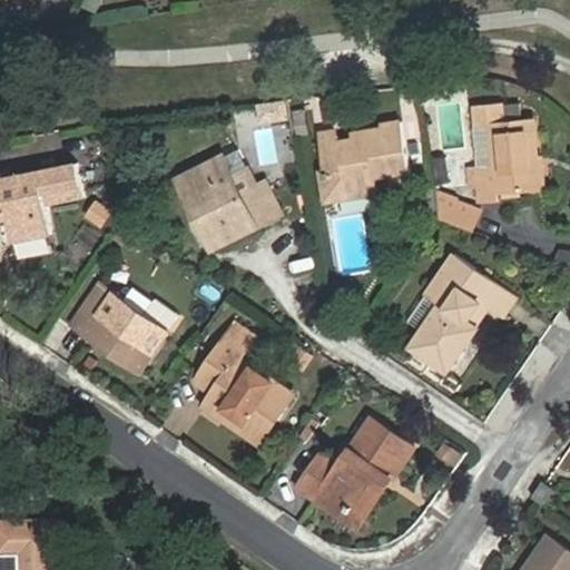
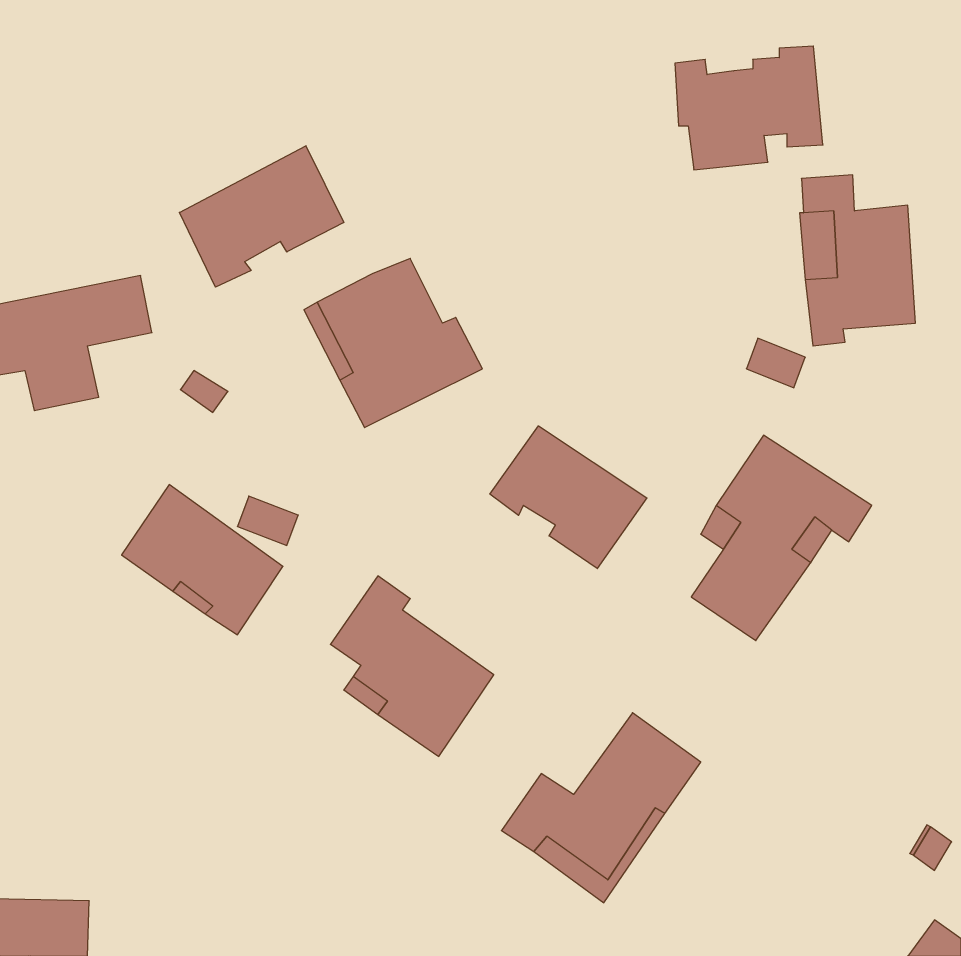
building: none -> [179,146,344,287]
building: [316,121,403,194] -> [675,46,823,170]
building: none -> [490,426,647,569]

